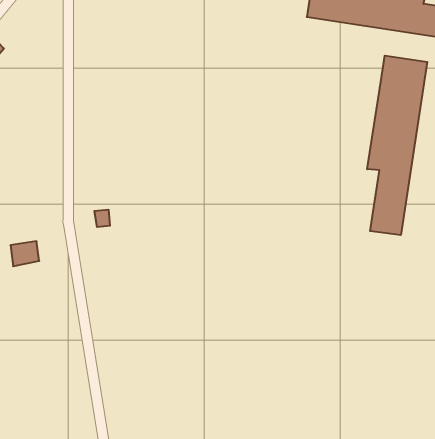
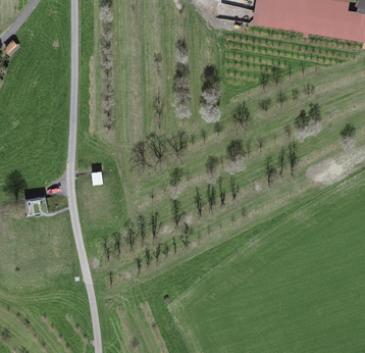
building: [367,56,427,235] -> none

